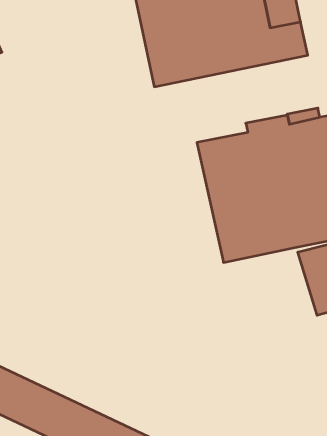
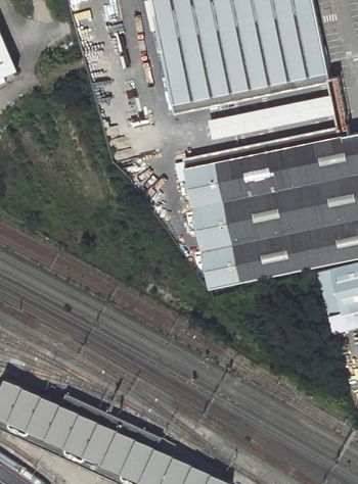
building: none -> [205,88,334,139]
building: none -> [183,141,266,288]

